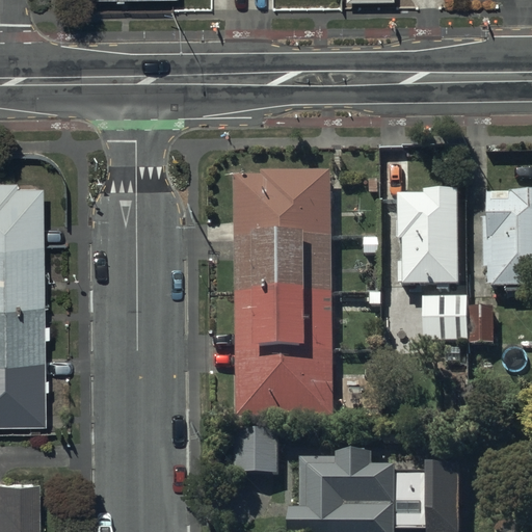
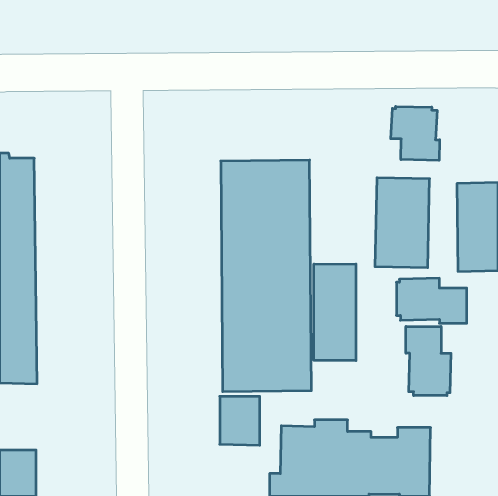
building: none -> [391,106,440,160]
building: none -> [314,264,356,361]
building: none -> [406,326,451,396]

